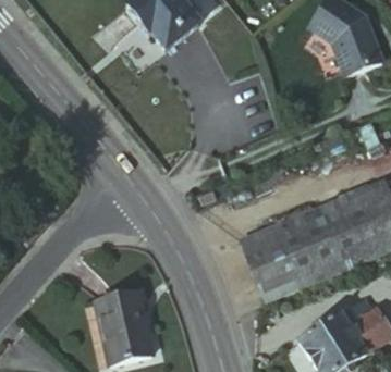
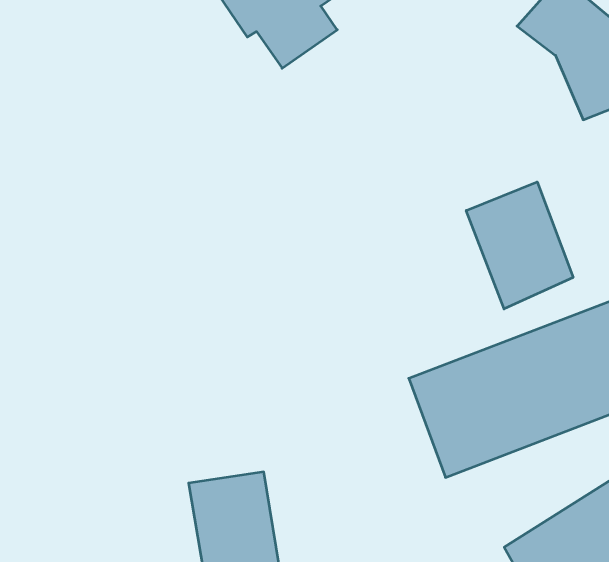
building: none -> [466,182,573,309]

